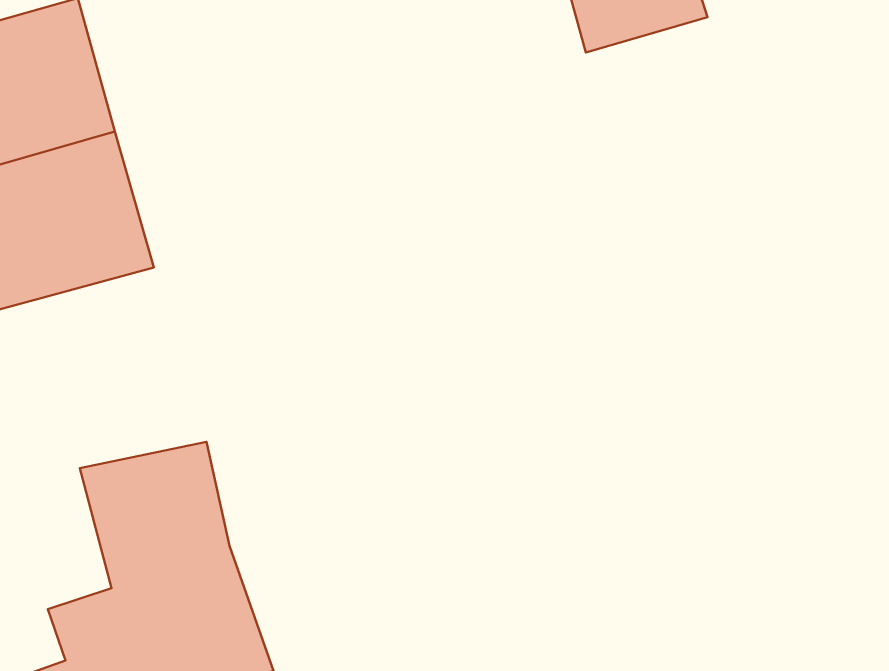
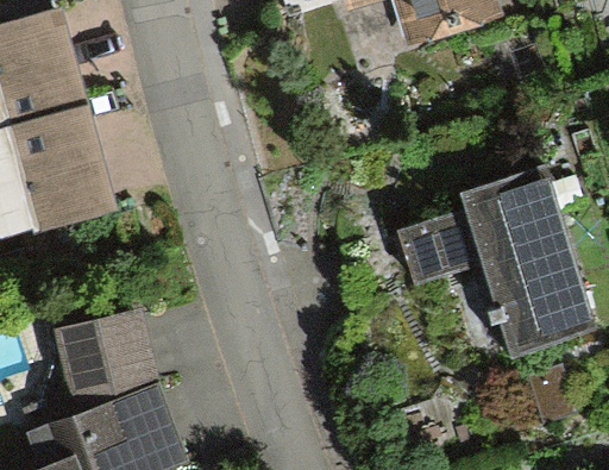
building: none -> [397,173,590,364]

